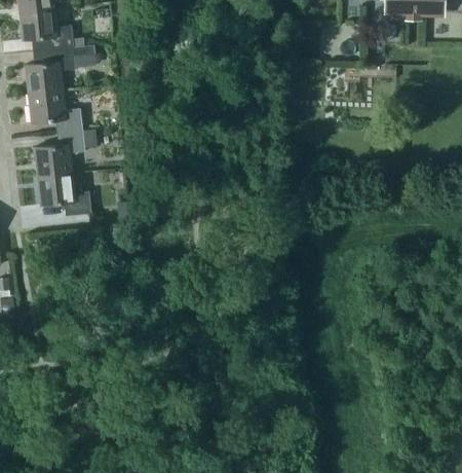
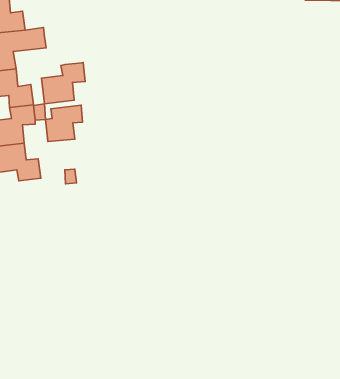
building: none -> [42,63,85,104]
building: none -> [45,105,83,141]

